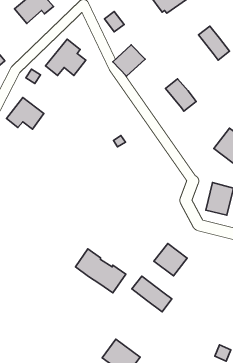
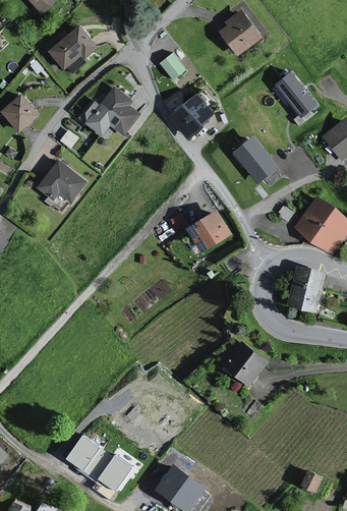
building: none -> [187,212,229,251]
building: [76,249,126,293] -> [69,435,132,490]
building: [132,276,172,312] -> none

